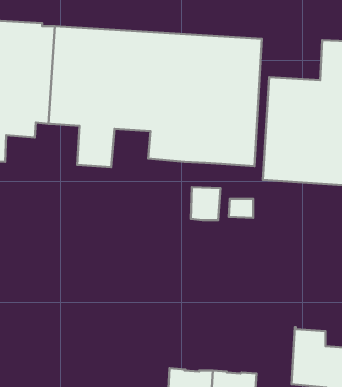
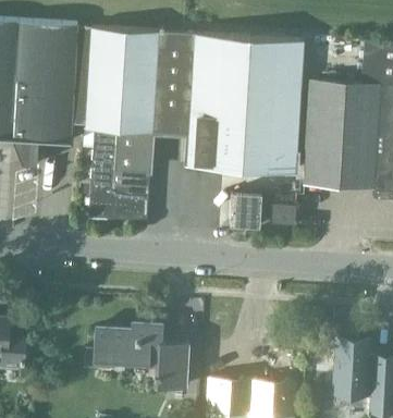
building: none -> [79,130,148,222]
building: none -> [84,324,188,389]

